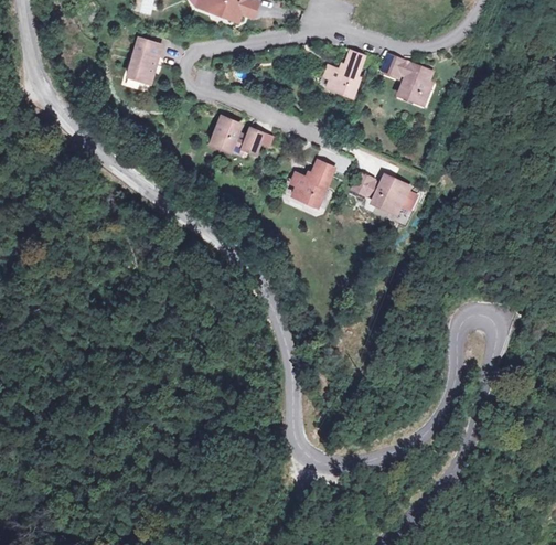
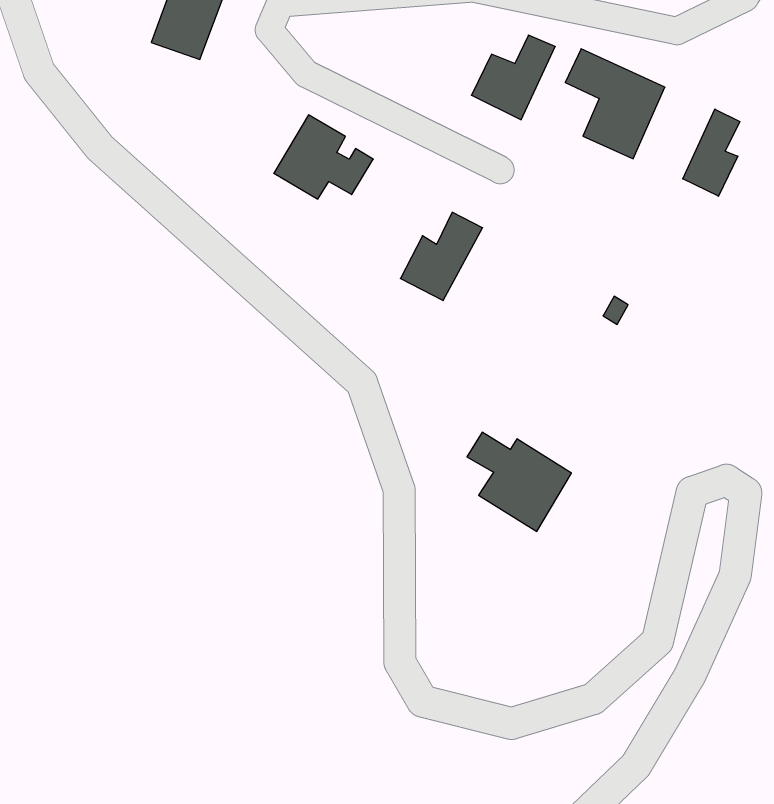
building: none -> [683,109,740,196]
building: [351,177,414,233] -> [467,432,571,531]

